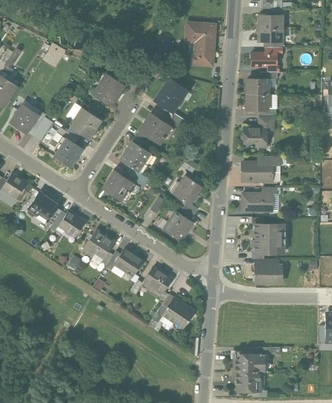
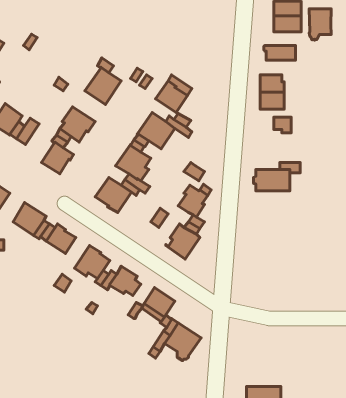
building: none -> [309,9,331,40]
building: [186,23,215,65] -> none
building: [241,127,266,147] -> none
building: [243,193,271,211] -> none
building: [252,223,282,252] -> none
building: [256,265,282,282] -> none

